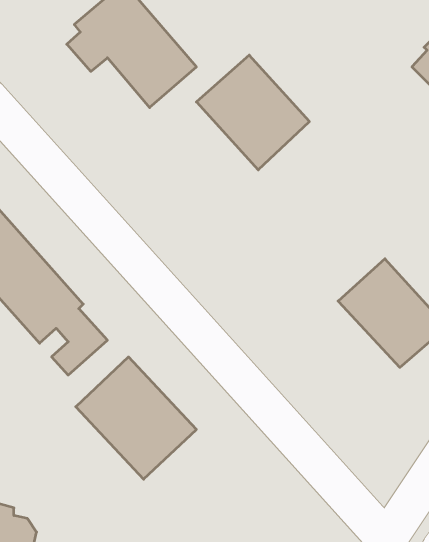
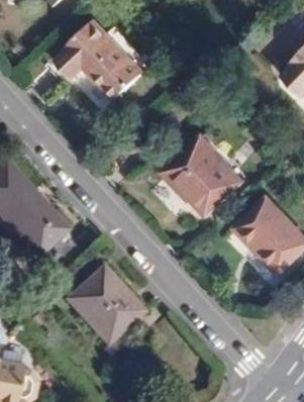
building: [196,55,309,170] -> [169,136,244,213]

